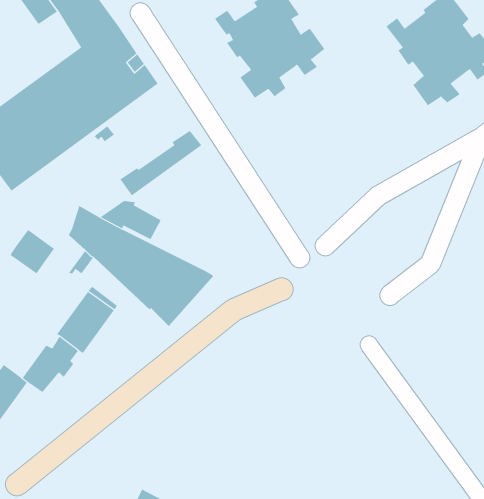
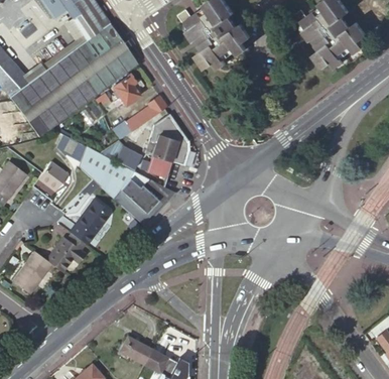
building: none -> [112,73,143,104]
building: none -> [144,113,188,177]
building: none -> [59,135,85,161]

